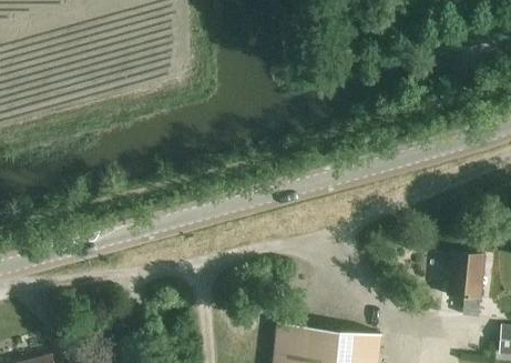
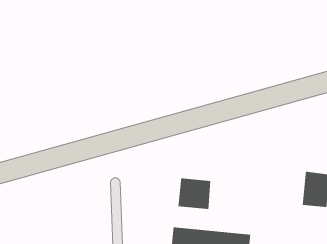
building: none -> [178,177,211,210]

